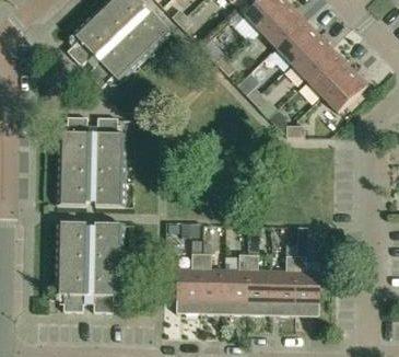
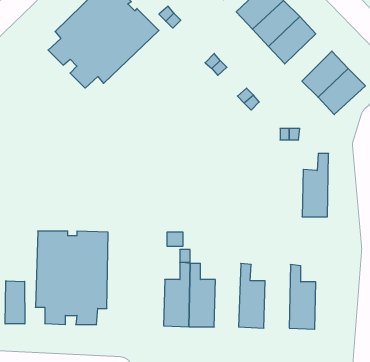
building: [291,35,336,80] -> none
building: [57,116,126,206] -> none
building: [224,253,249,313] -> none
building: [271,254,296,314] -> [302,153,329,217]
building: none -> [5,281,25,324]

